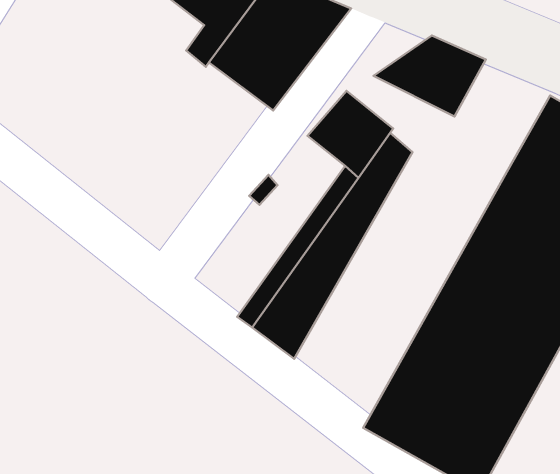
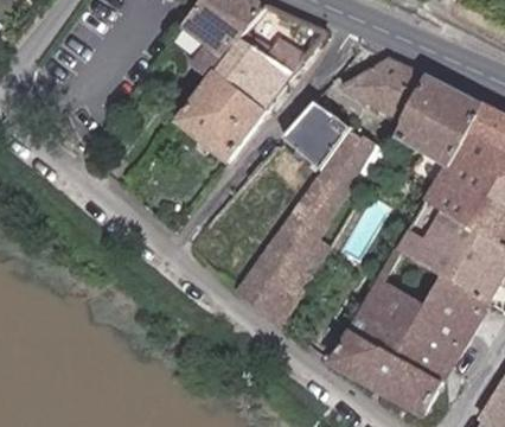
building: none -> [396,72,481,161]
building: none -> [173,75,262,164]

